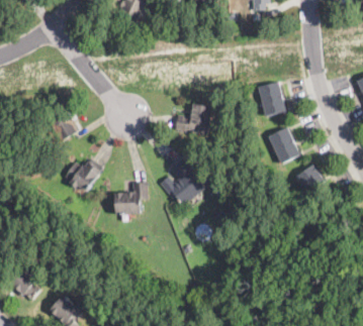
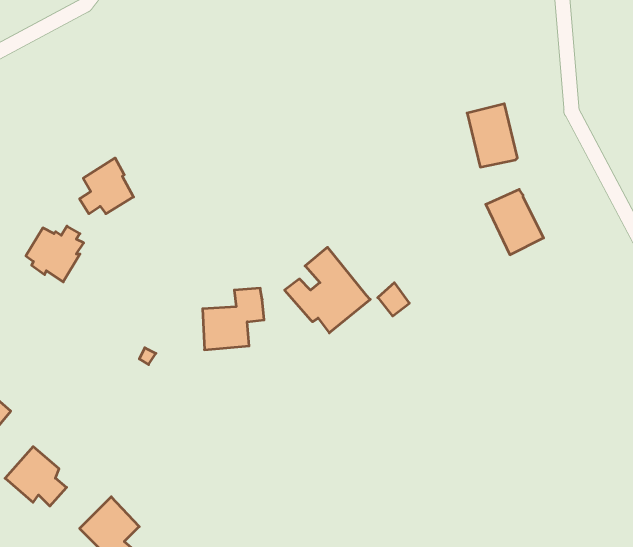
building: [176,104,212,134] -> none
building: [67,161,98,192] -> [26,226,84,282]
building: [296,165,325,193] -> none

